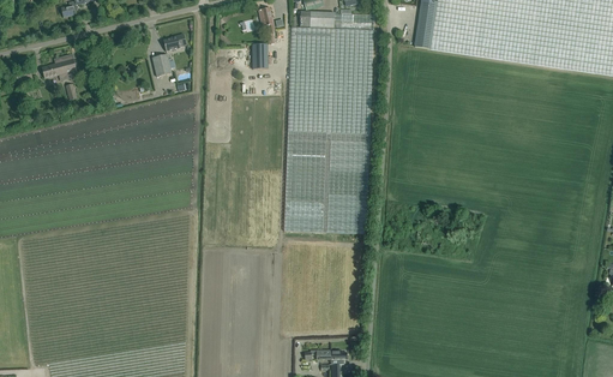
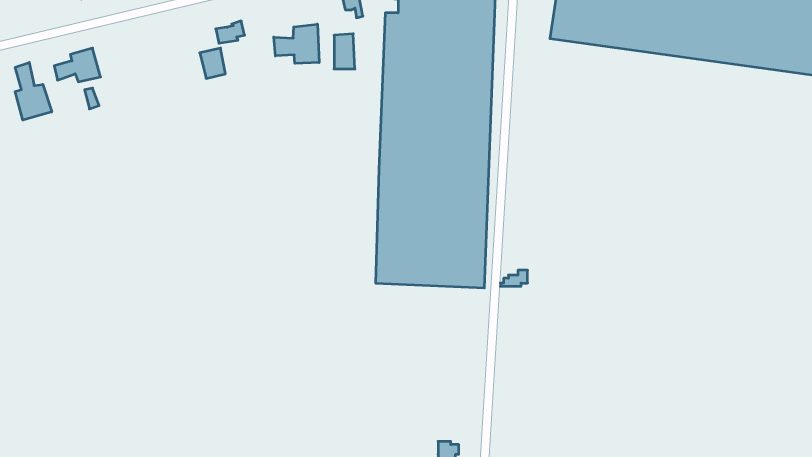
building: none -> [274,24,319,63]
building: none -> [15,62,52,120]

